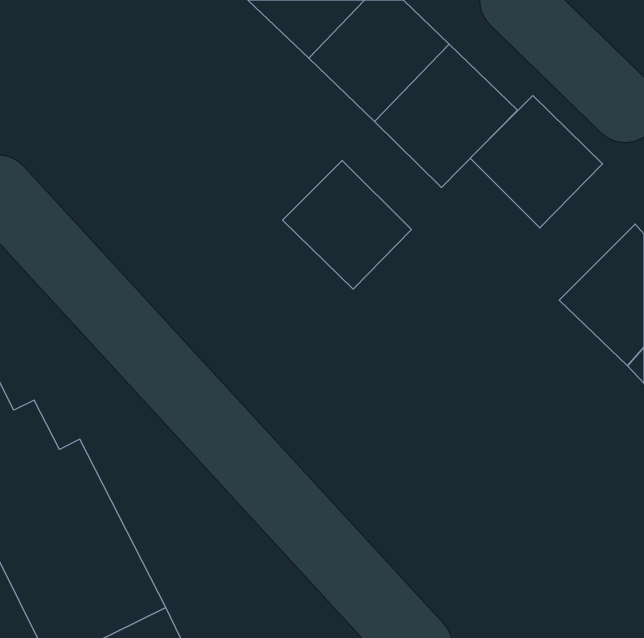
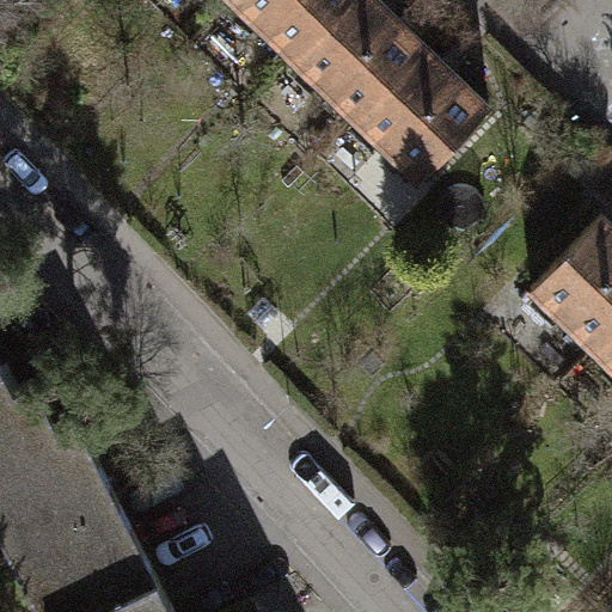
building: [470,96,603,228] -> none
building: [283,160,411,289] -> none

